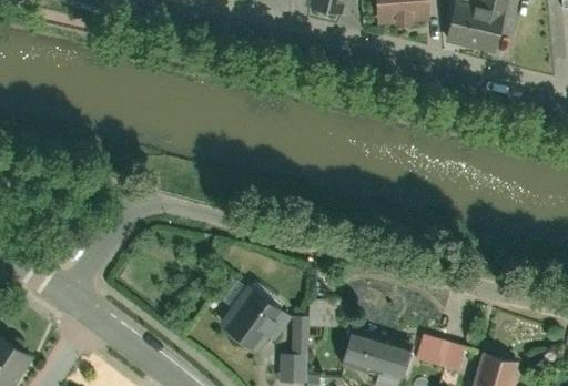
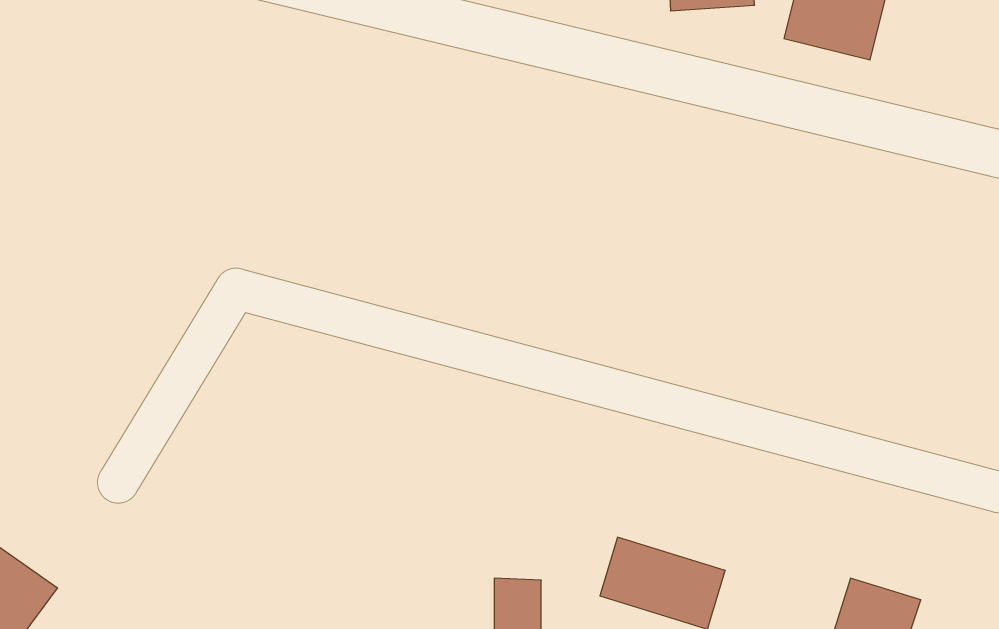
building: [219,280,288,348] -> none
building: [293,313,316,348] -> none
building: [417,332,462,367] -> none

